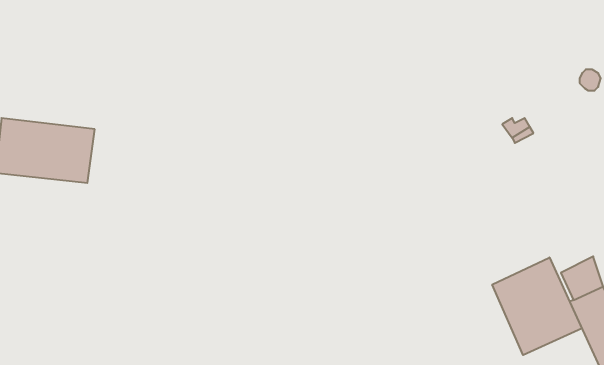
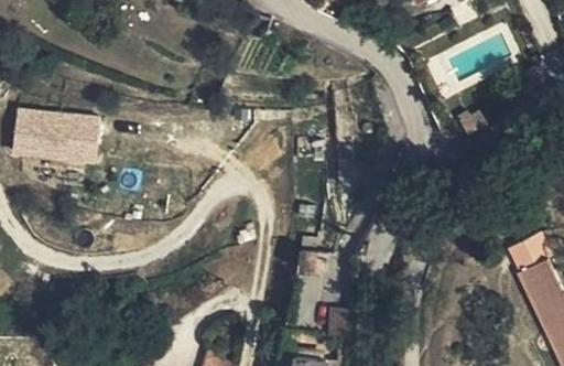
building: [492,257,582,355] -> none

